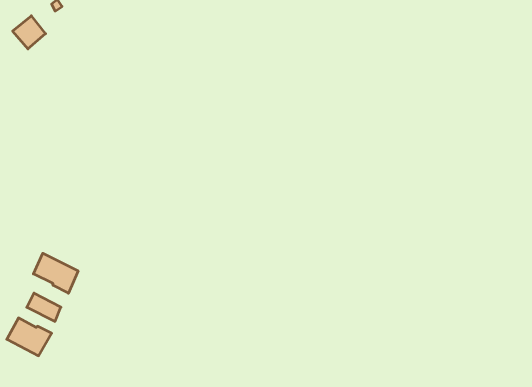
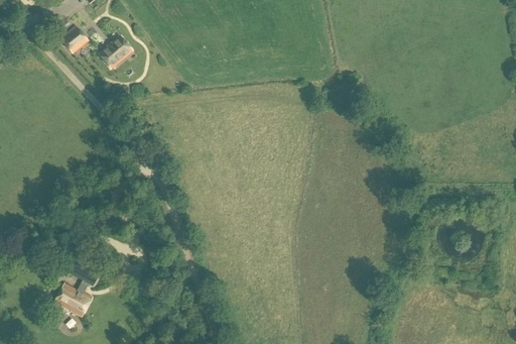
building: none -> [99,36,133,70]
building: [33,253,78,293] -> none

